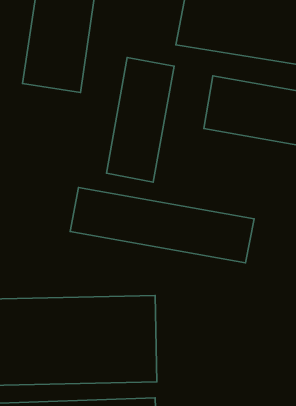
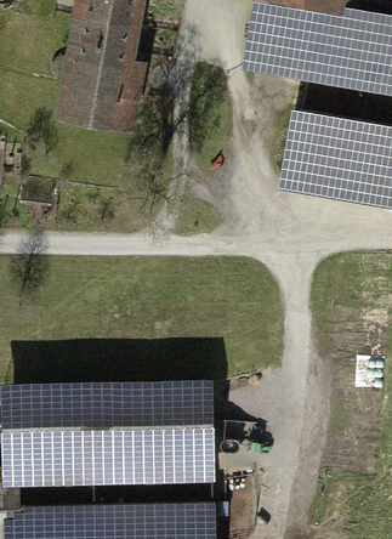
building: [106,57,174,182] -> none
building: [70,187,254,263] -> none

